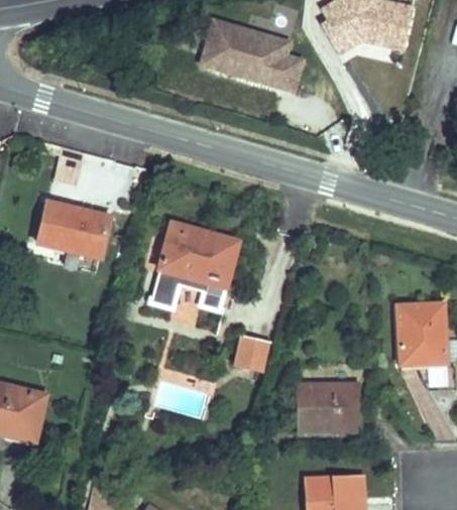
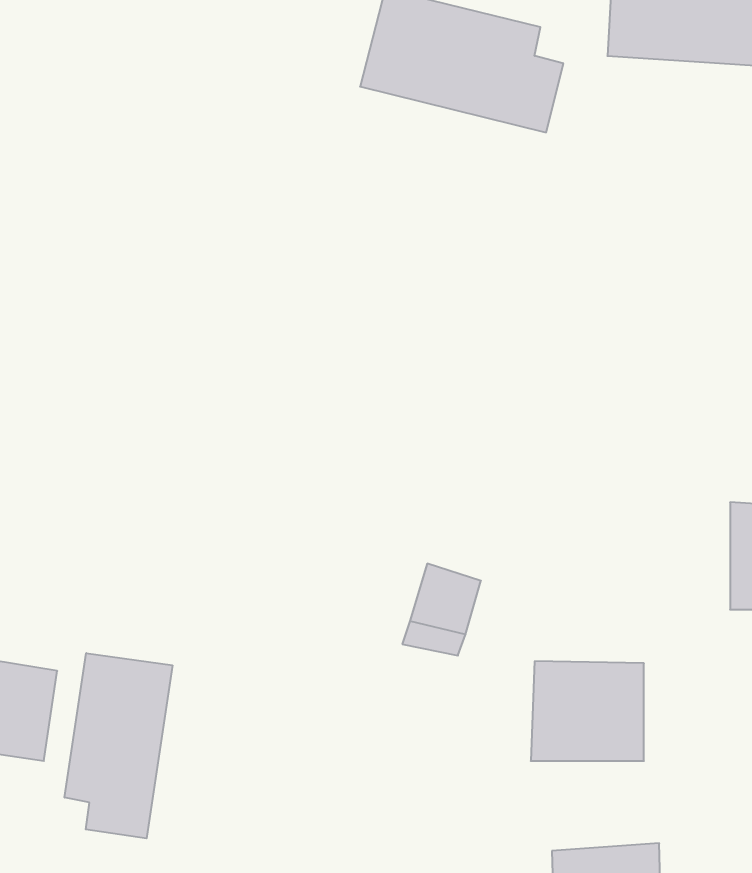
building: [37,189,115,246] -> none
building: [161,219,243,306] -> none
building: none -> [65,653,172,838]

